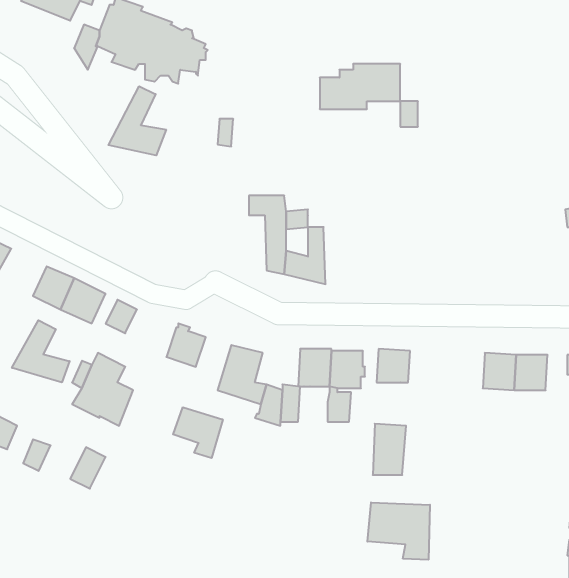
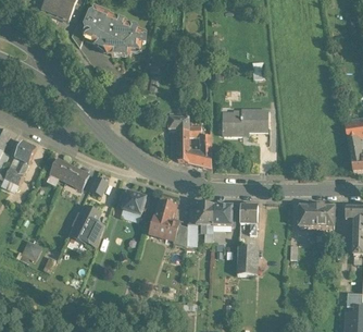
building: [320,64,400,109] -> [223,110,267,135]
building: [108,86,166,155] -> none
building: [12,320,70,382] -> none
building: [173,407,223,458] -> none
building: [367,502,430,560] -> none

